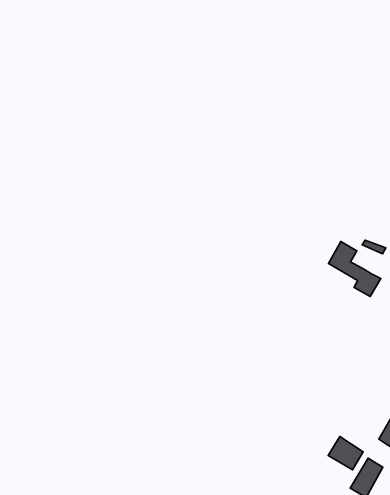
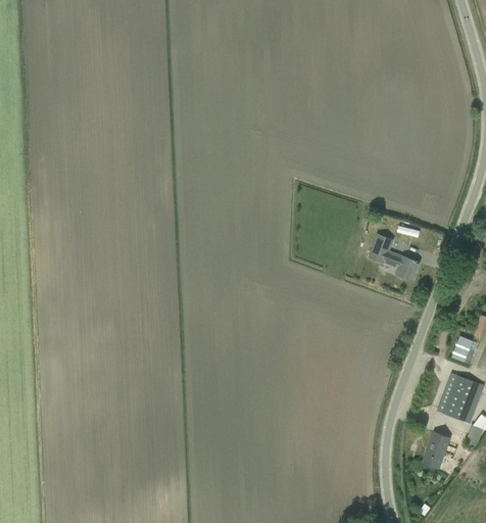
building: [328,437,363,470] -> none

